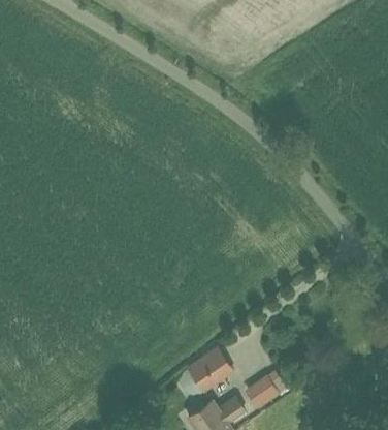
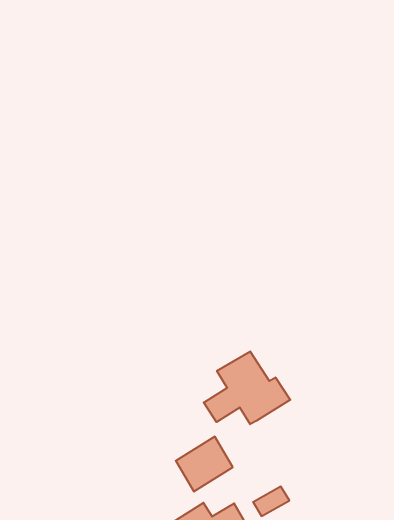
building: none -> [204,351,290,424]

